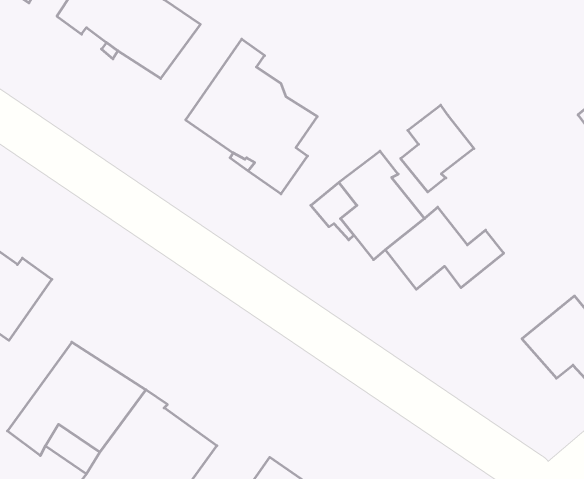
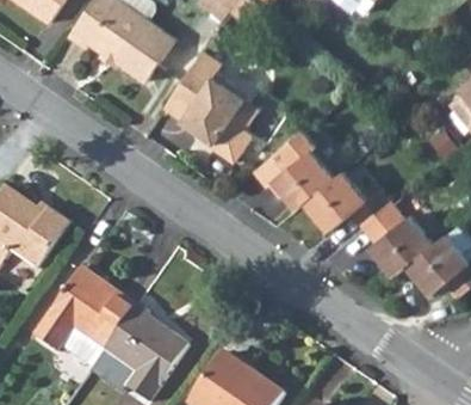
building: [401,105,474,192] -> none
building: none -> [364,203,434,275]

